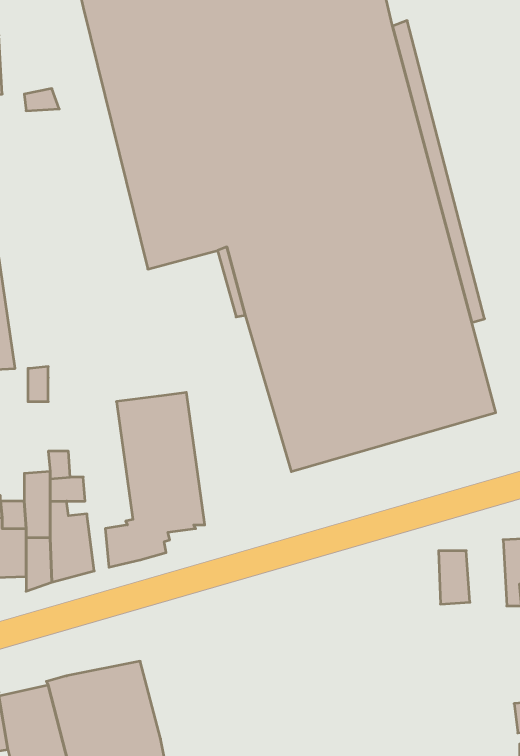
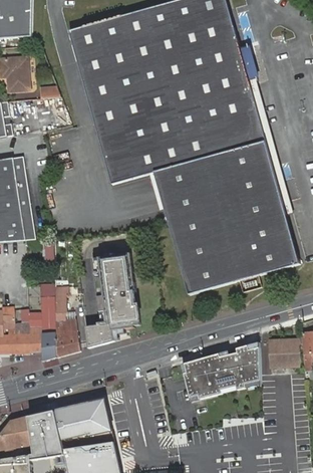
building: none -> [282,337,299,367]
building: none -> [183,341,261,401]

